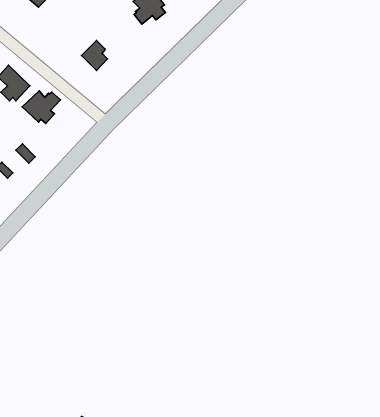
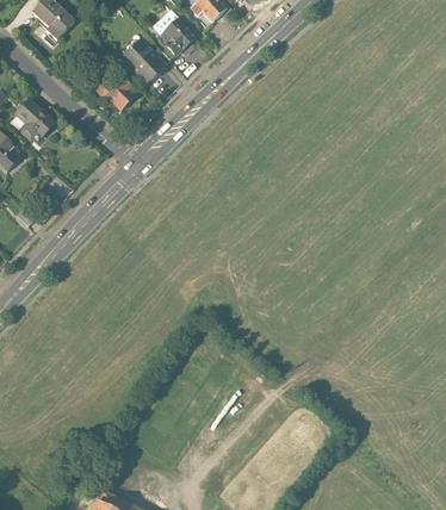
building: none -> [122,36,167,83]
building: [22,91,60,123] -> none

